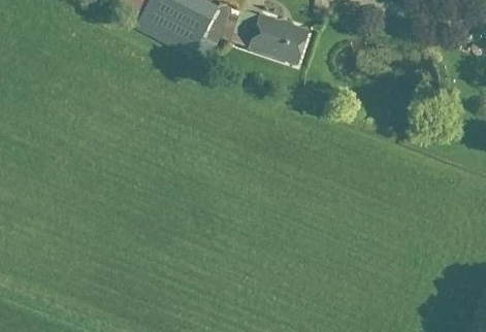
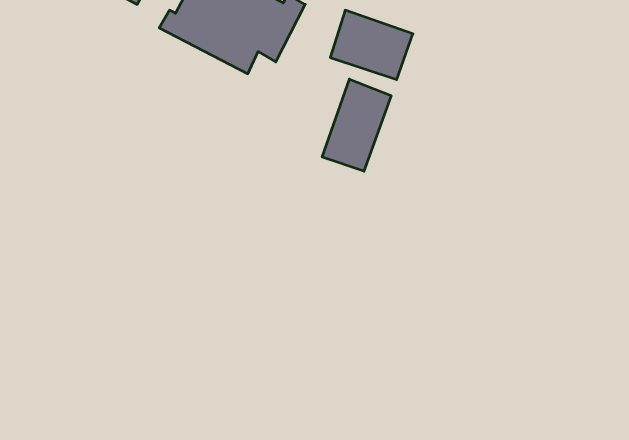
building: none -> [322,79,391,171]

